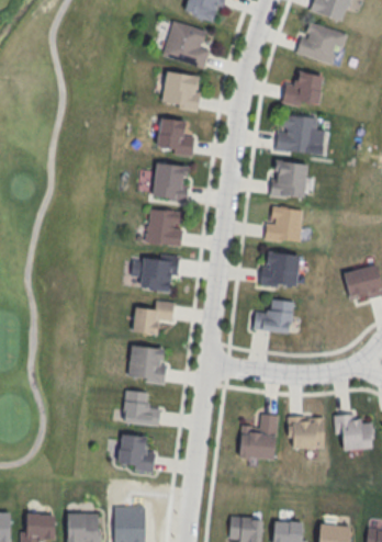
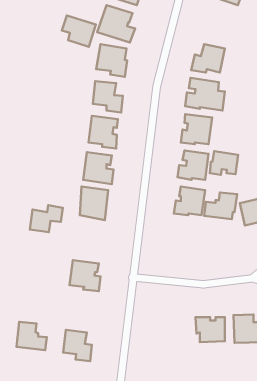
building: [296,22,348,65] -> none
building: none -> [62,15,96,47]
building: none -> [210,151,238,175]
building: [133,300,175,334] -> [30,205,63,232]
building: [252,300,294,334] -> [204,192,237,219]
building: [123,389,161,426] -> [17,322,47,350]
building: [238,414,279,461] -> none

